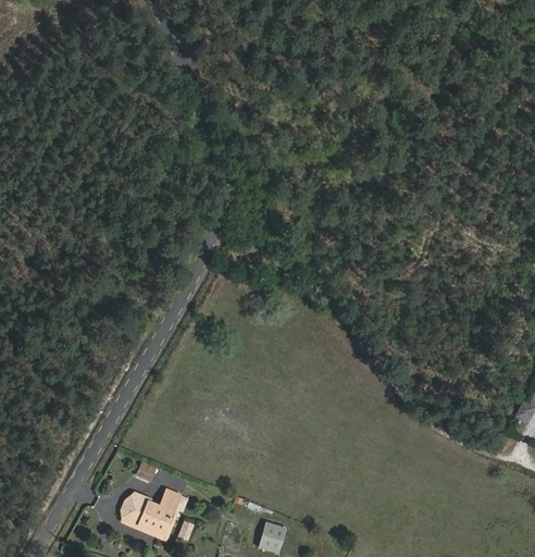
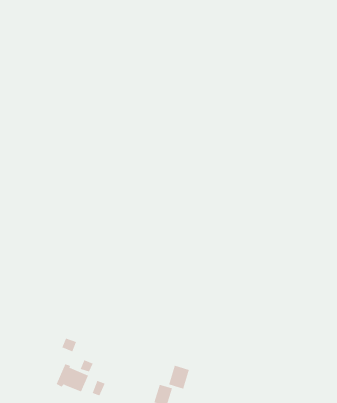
building: none -> [168,365,190,390]

